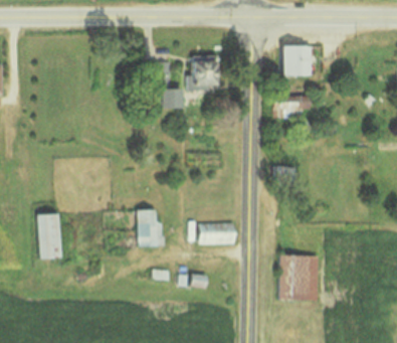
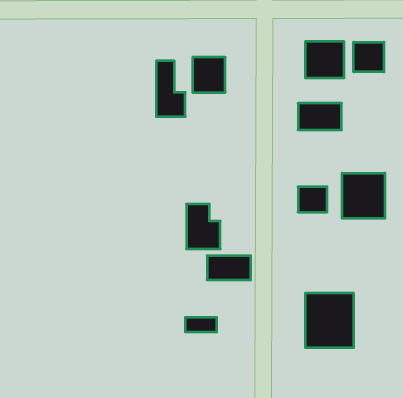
building: none -> [354,42,384,72]
building: none -> [342,173,385,218]
building: [139,208,167,245] -> [186,204,220,249]
building: [37,212,61,258] -> none

